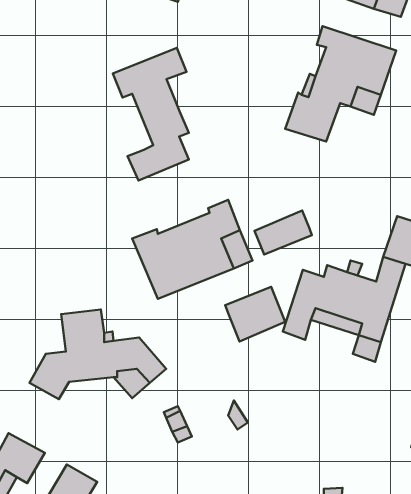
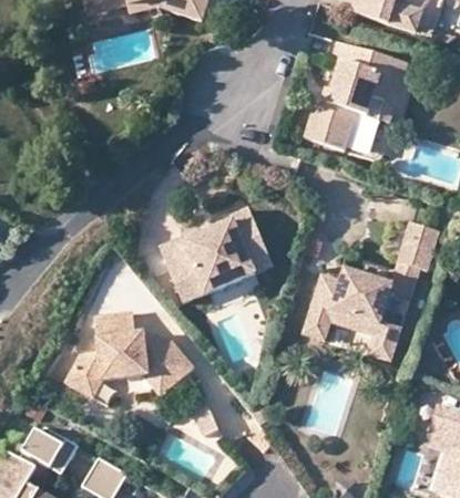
building: [113,48,189,180] -> none
building: [254,211,312,254] -> none
building: [225,287,285,341] -> none

